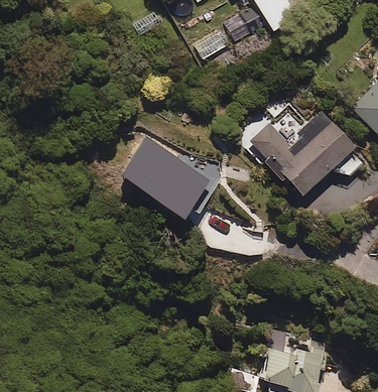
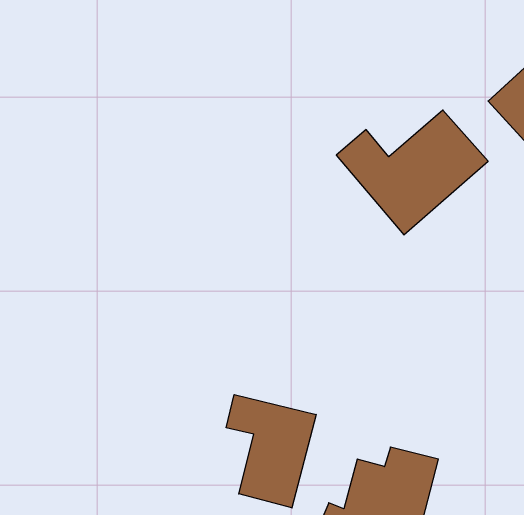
building: [119,135,217,216] -> none
building: none -> [226,395,316,508]

